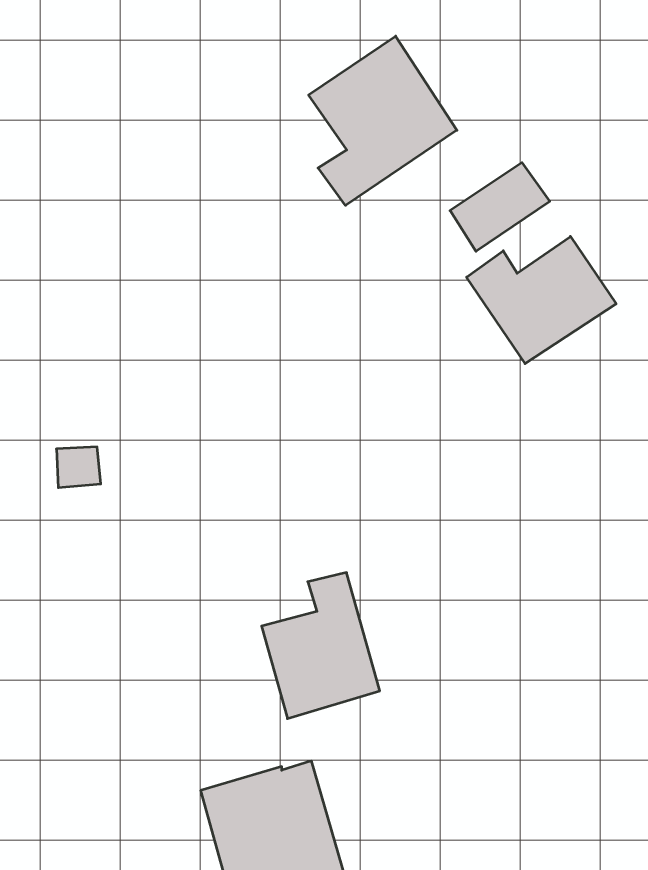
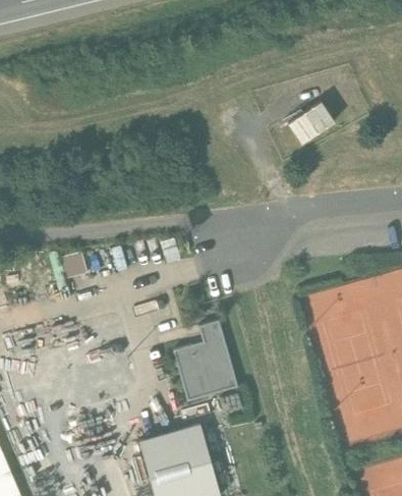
building: [309,36,457,205] -> none
building: [467,236,616,364] -> none

